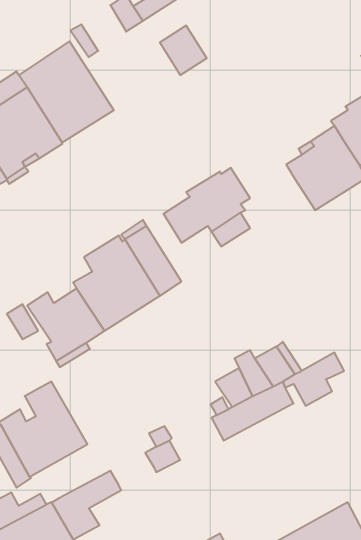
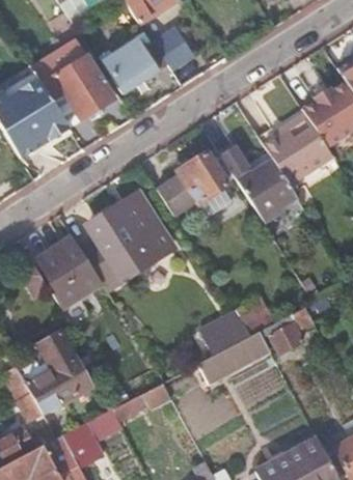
building: none -> [100,38,168,93]
building: none -> [217,142,297,222]

